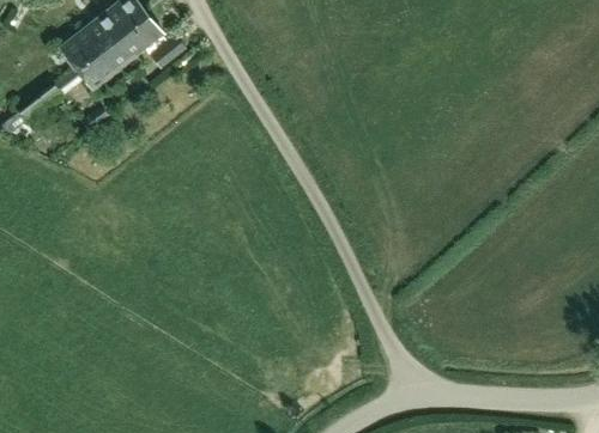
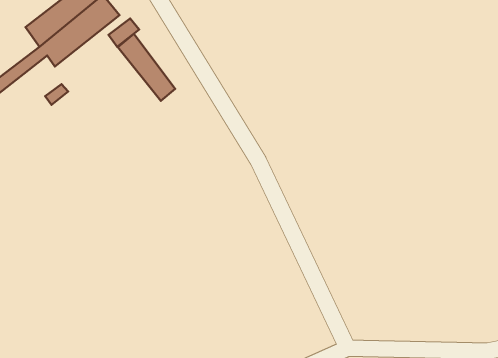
building: none -> [118,34,175,101]

